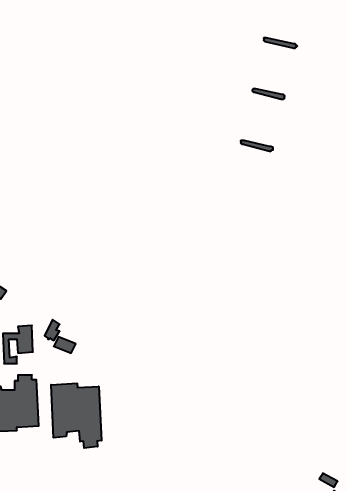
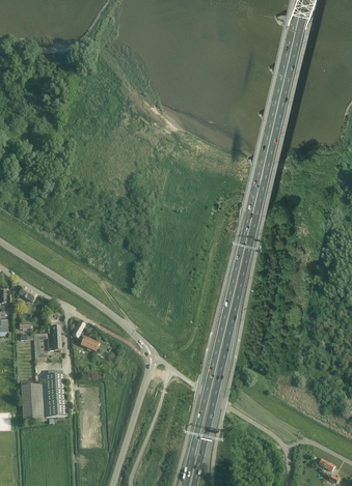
building: [51,383,102,448] -> none

